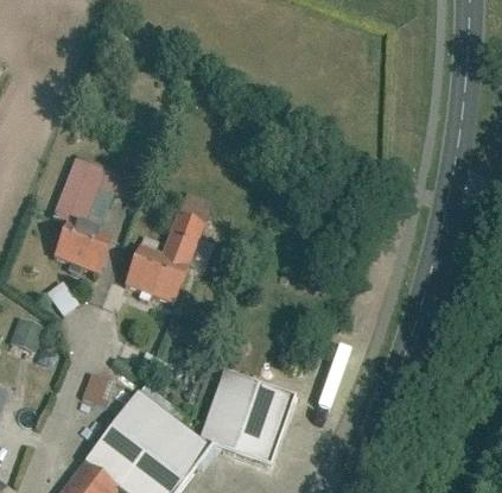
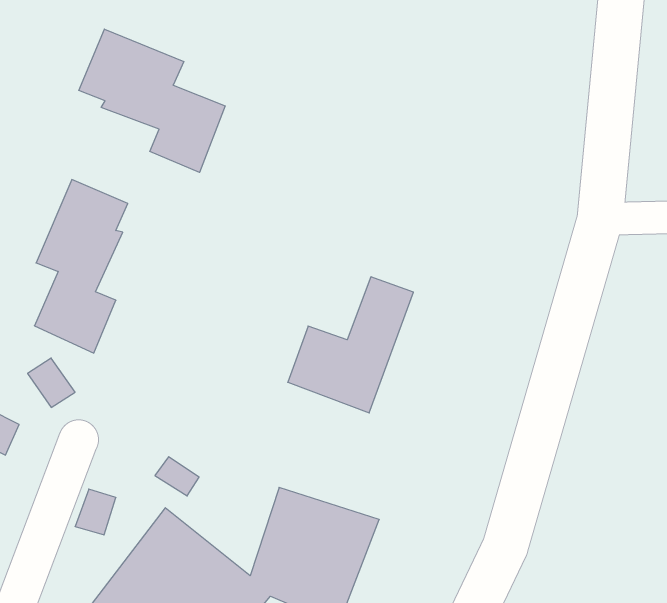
building: none -> [79,29,225,172]
building: [117,209,205,304] -> [288,277,413,413]

